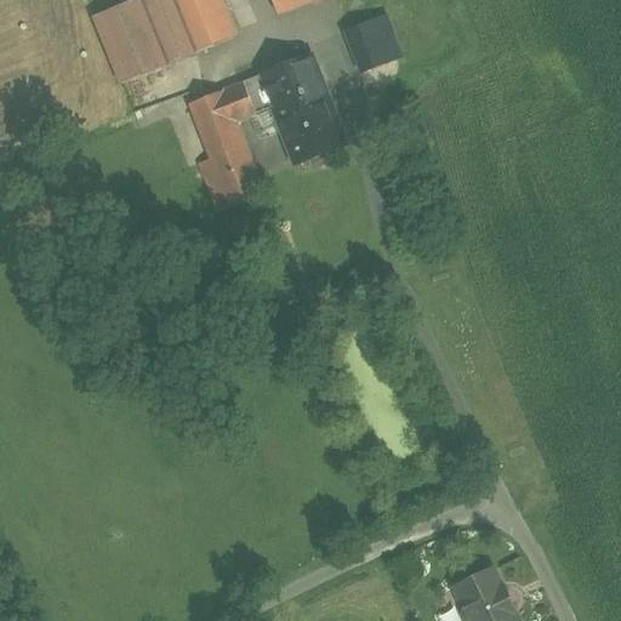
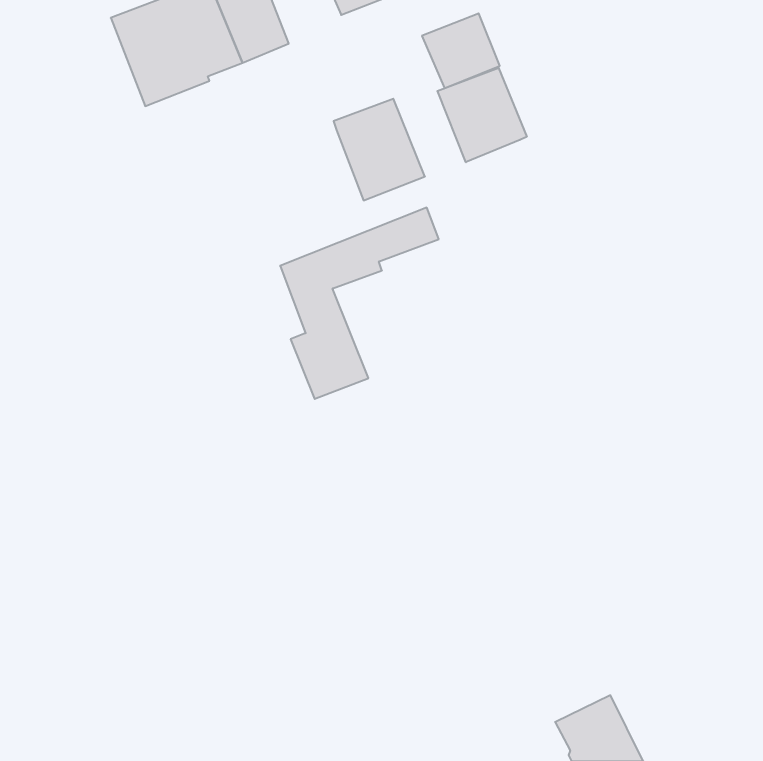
building: [190,55,319,210] -> [280,208,439,399]
building: none -> [437,68,527,162]

